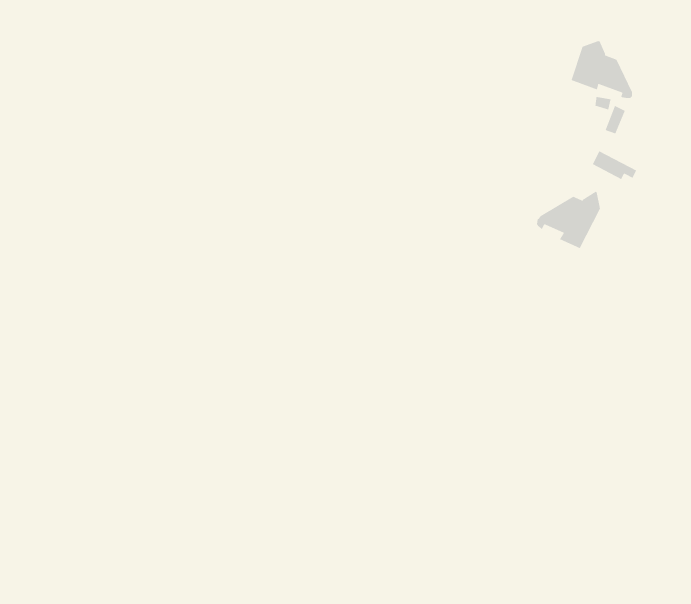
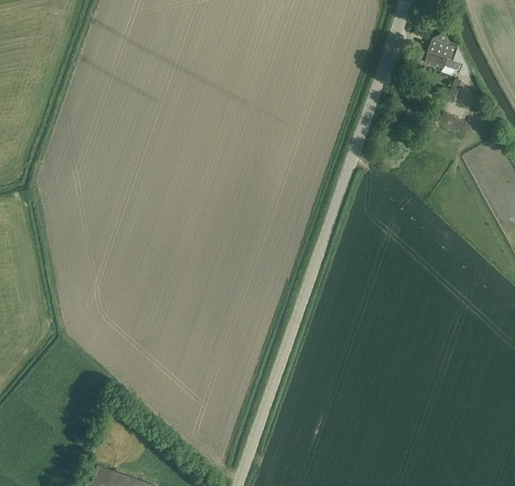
building: [536,191,601,249] -> none

